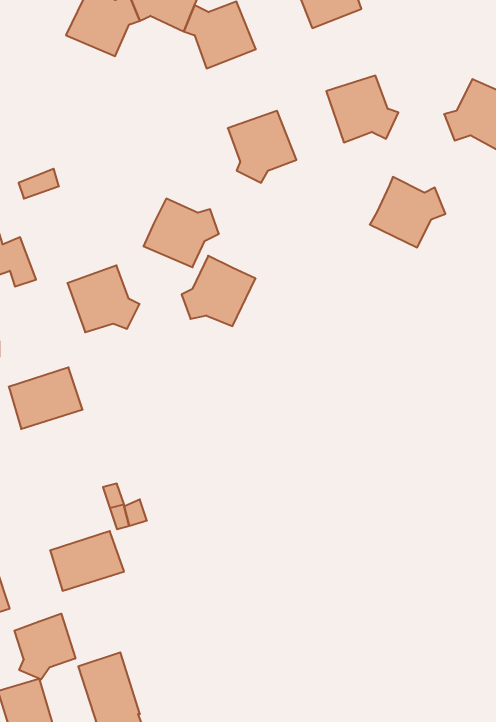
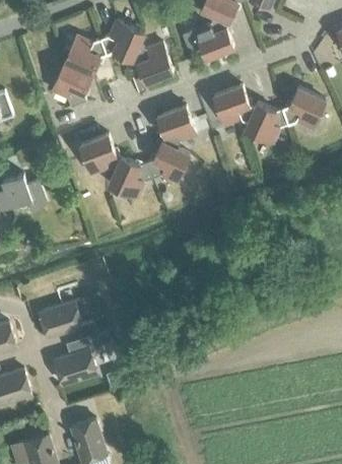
building: none -> [51,63,91,107]
building: [370,177,445,247] -> [244,103,287,143]
building: [182,256,256,326] -> [146,141,189,182]
building: [67,265,140,332] -> [79,135,121,174]
building: [9,367,83,429] -> [39,302,81,337]
building: [14,614,75,679] -> none

